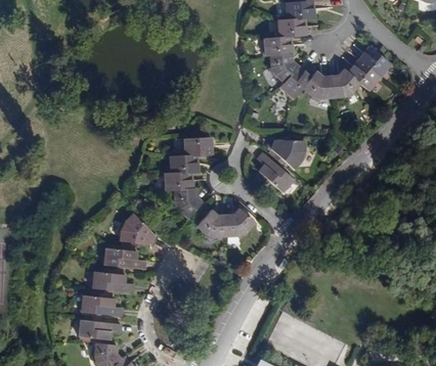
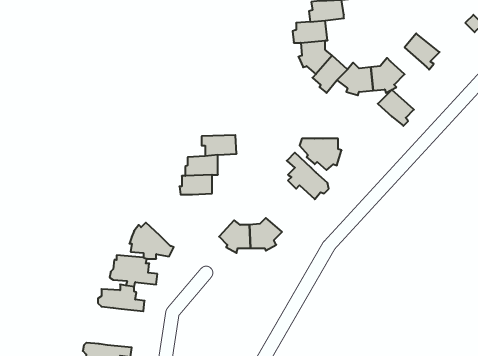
building: [348,59,380,91] -> [378,90,414,126]
building: [172,187,201,217] -> none
building: [79,291,122,315] -> none

